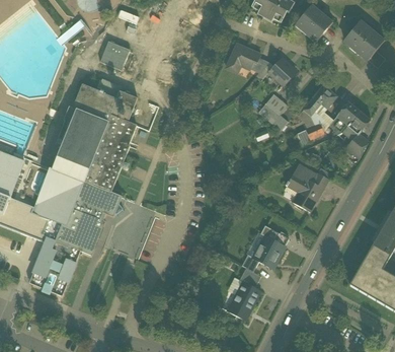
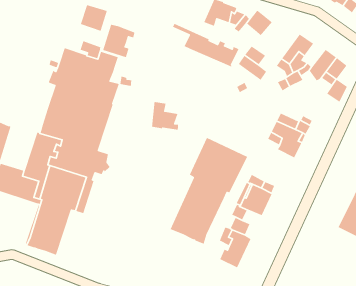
building: none -> [102,24,136,58]
building: none -> [172,23,240,67]
building: none -> [151,101,179,130]
building: none -> [169,137,248,245]

